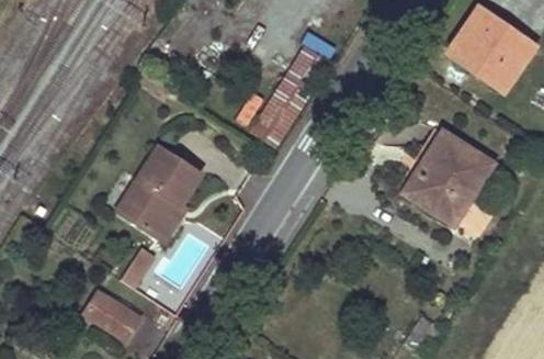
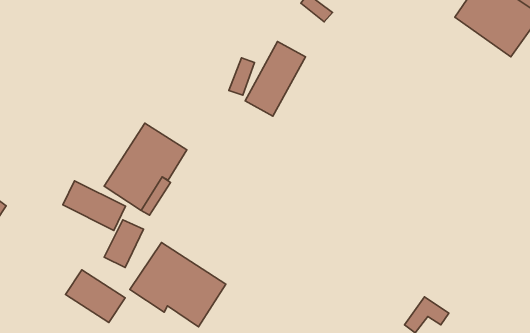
building: [405,132,495,223] -> none
building: none -> [63,181,126,231]
building: none -> [130,242,226,327]

